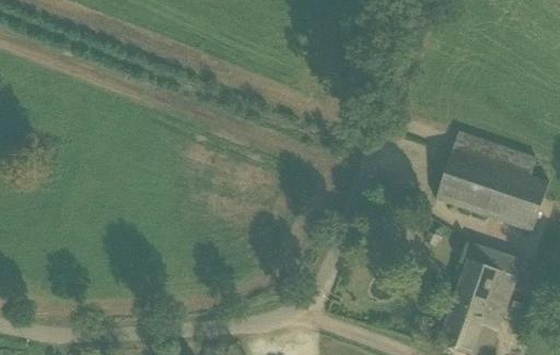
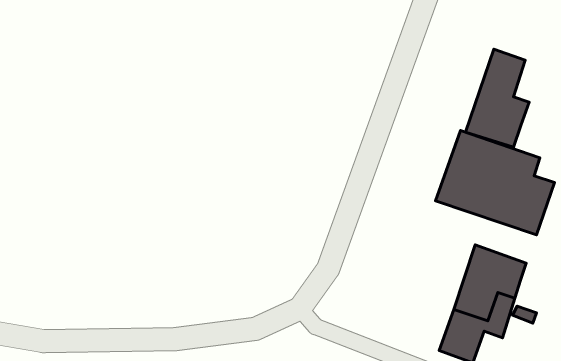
building: none -> [465,49,529,147]

